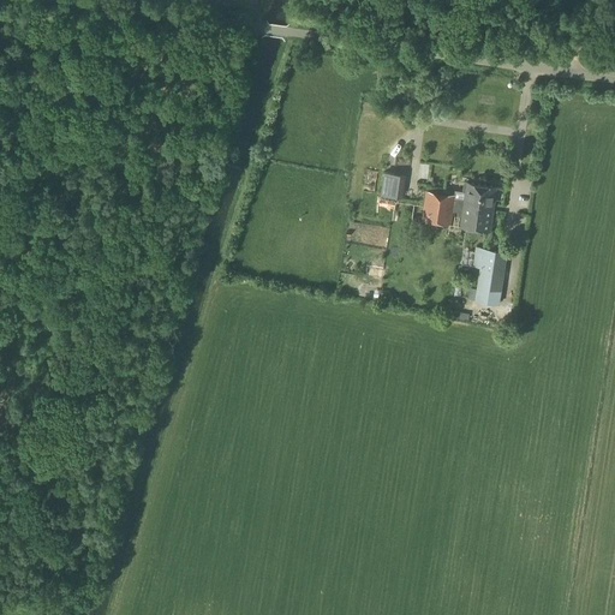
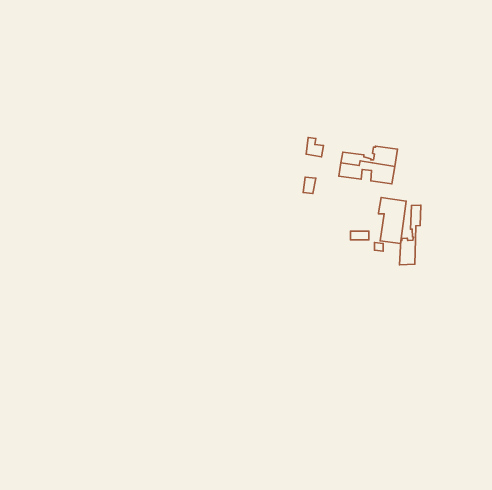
building: none -> [400,205,421,265]

